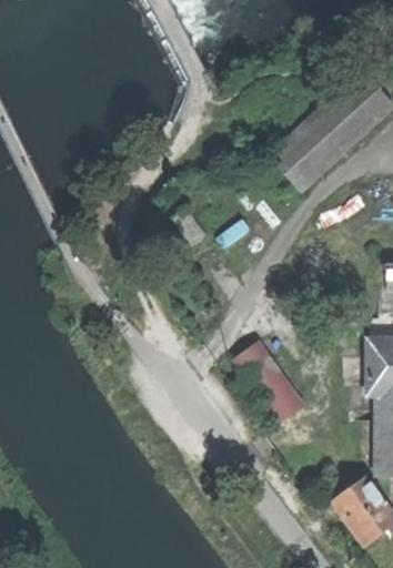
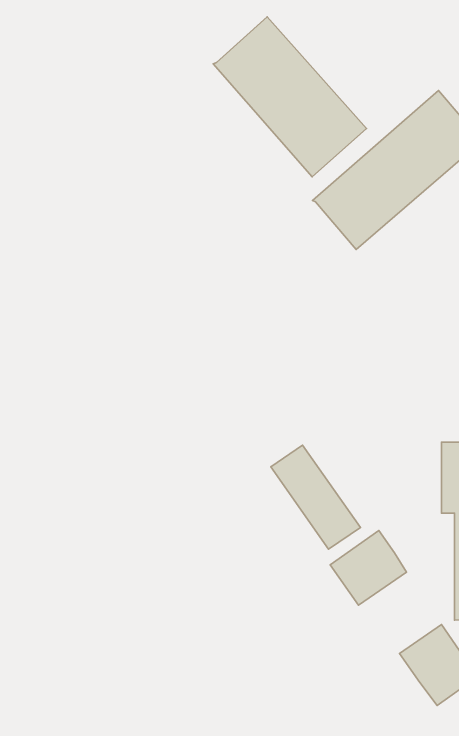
building: none -> [213,17,367,177]
building: none -> [330,530,406,605]

